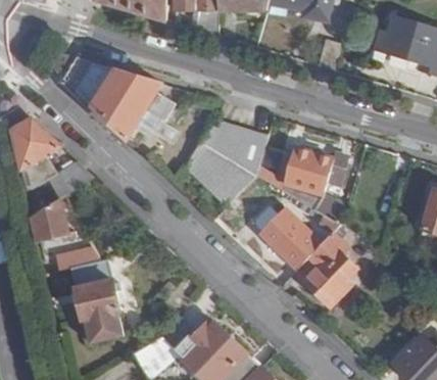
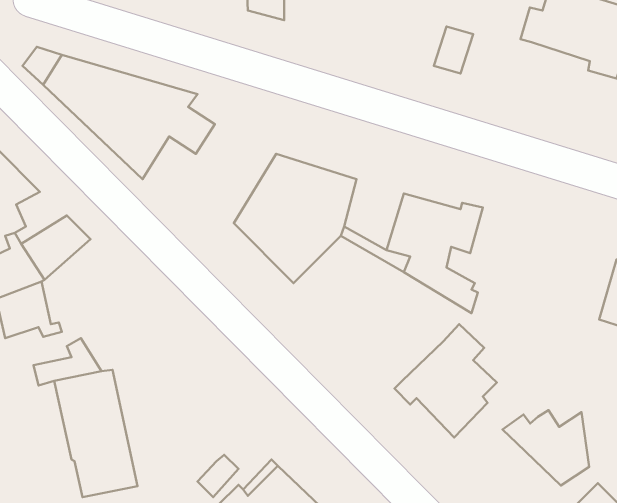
building: [251,206,322,269] -> none
building: none -> [502,410,589,485]

